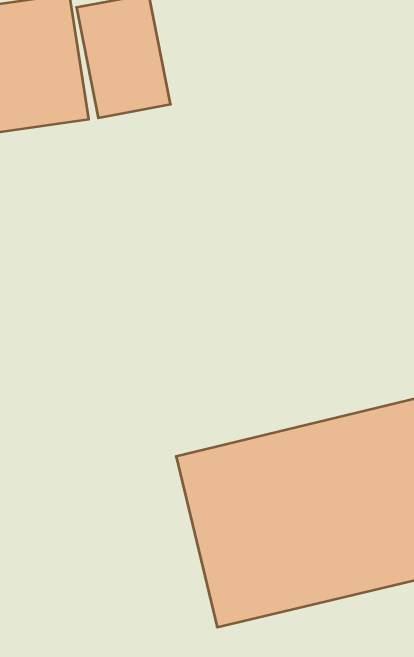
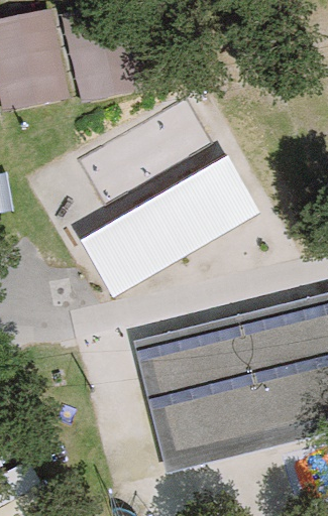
building: none -> [80,163,257,297]

